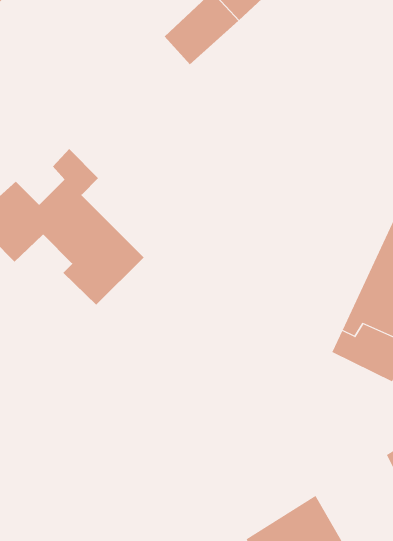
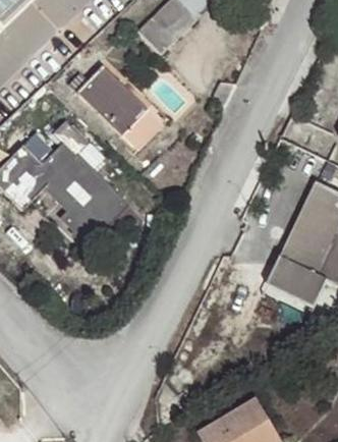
building: none -> [72,67,157,156]

